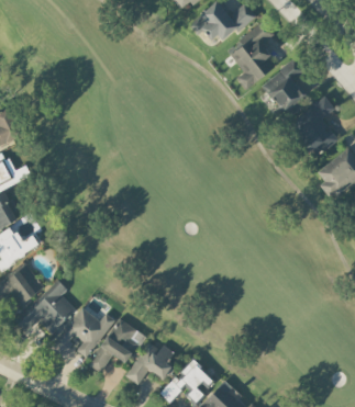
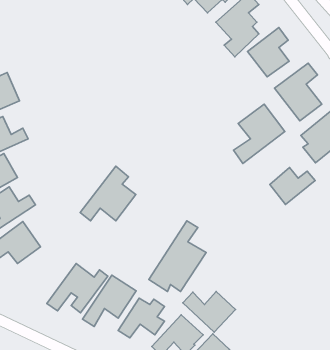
building: none -> [233,104,285,163]
building: none -> [270,168,315,205]
building: none -> [149,221,206,292]
building: [16,278,75,335] -> [80,166,136,221]
building: none -> [183,291,235,332]

